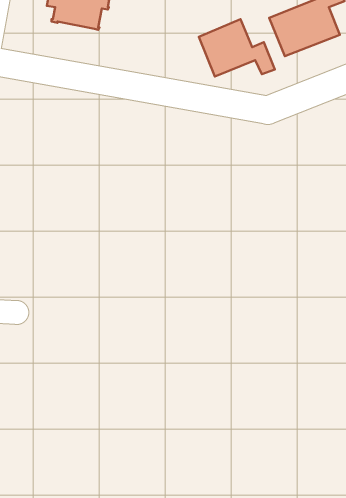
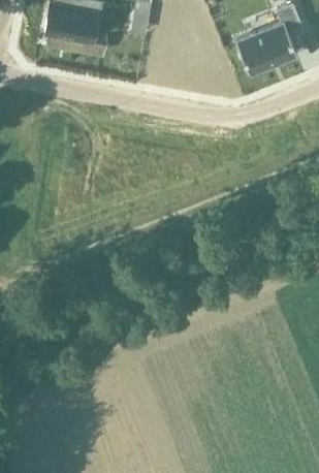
building: [199,19,275,76] -> none

